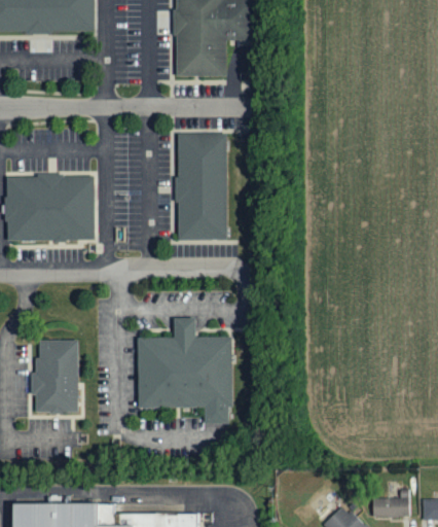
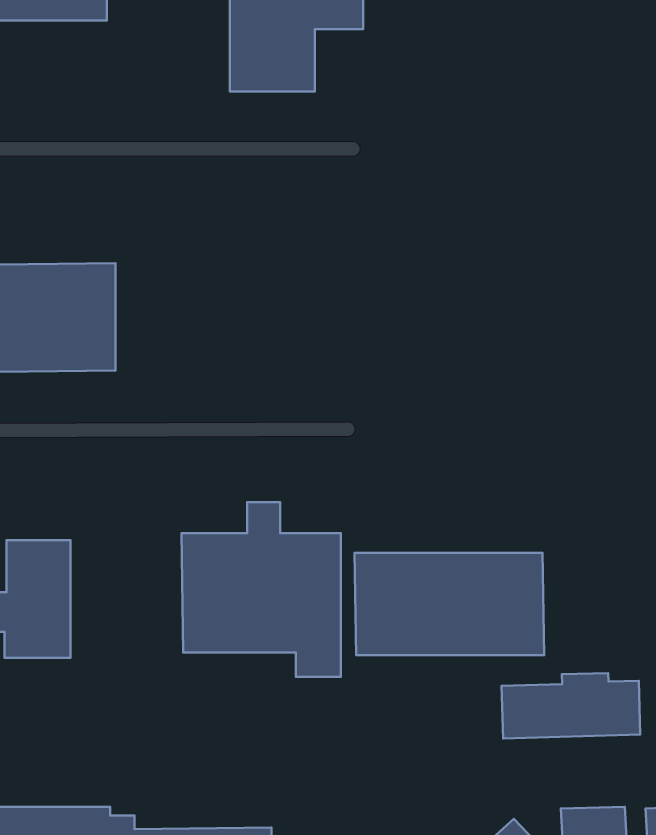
building: [174,132,222,240] -> none
building: none -> [355,553,544,655]
building: none -> [502,673,640,738]

